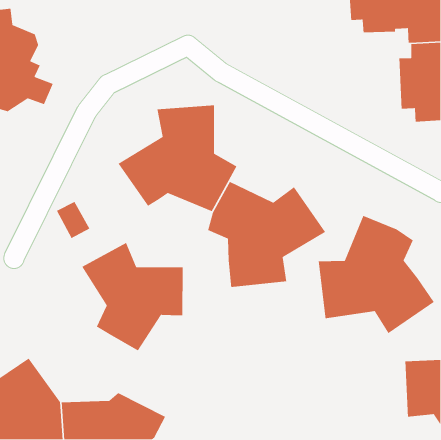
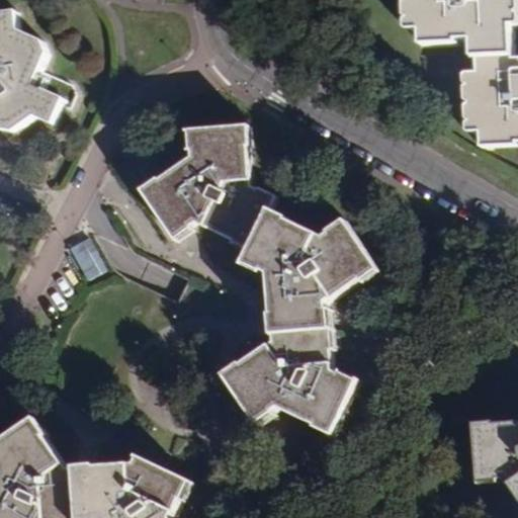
building: [318,215,435,334] -> none
building: [81,242,183,351] -> none
building: none -> [219,328,360,439]

